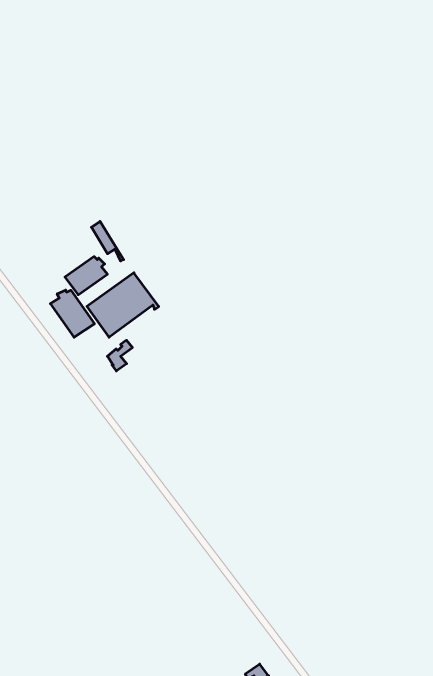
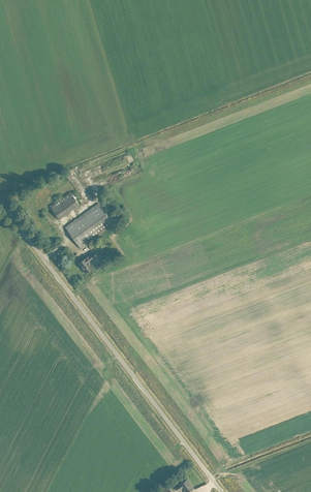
building: [50,290,94,337] -> none

